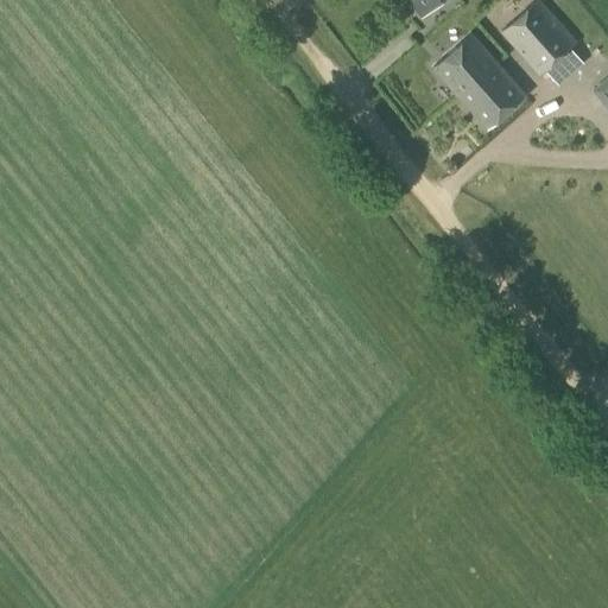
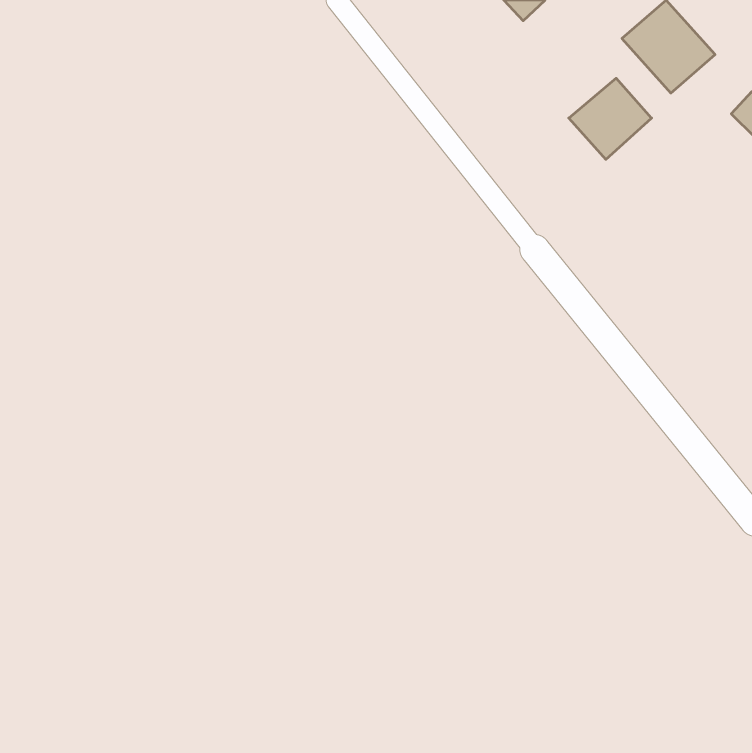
building: [435,36,498,96] -> none

